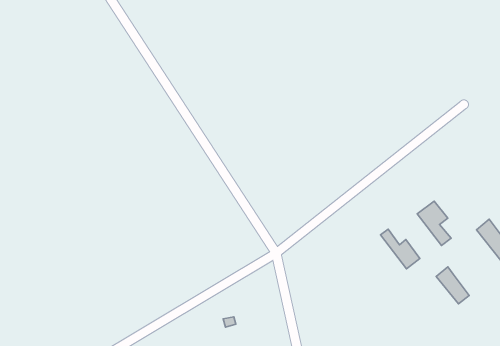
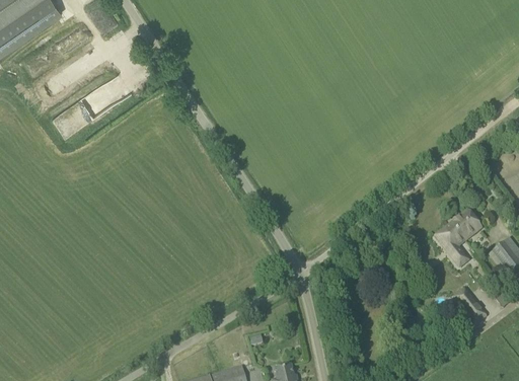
building: none -> [451,209,480,238]
building: [380,229,420,269] -> none

